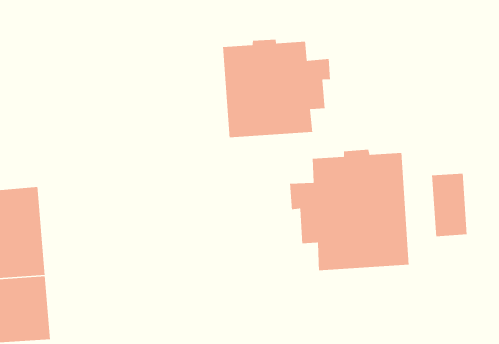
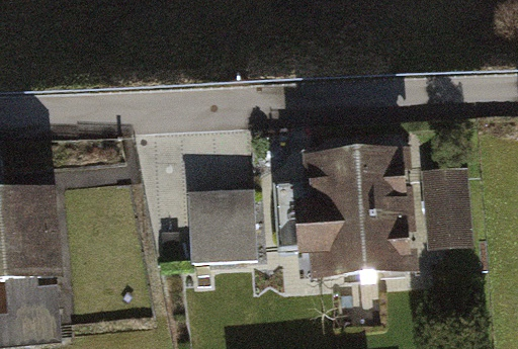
building: [222,39,331,138] -> none
building: none -> [188,188,257,262]

